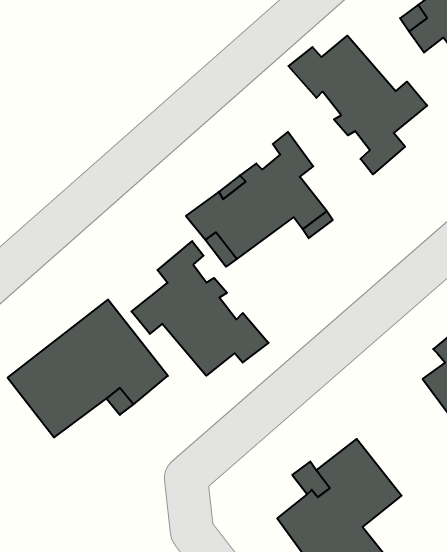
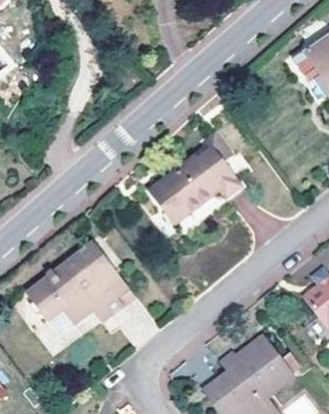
building: [288,36,427,174] -> none
building: [131,241,269,376] -> none

